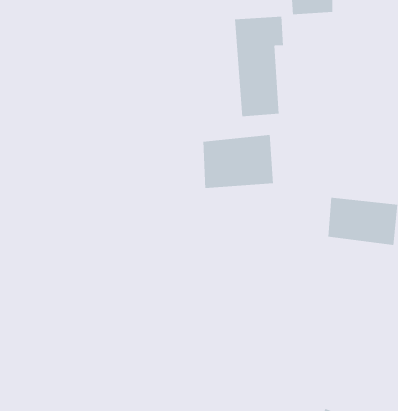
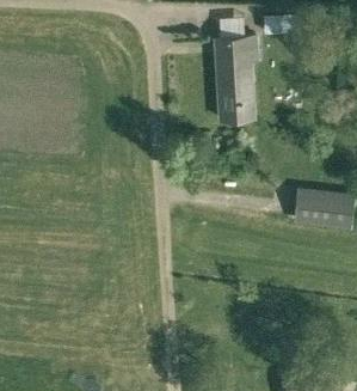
building: [203,134,274,189] -> none

